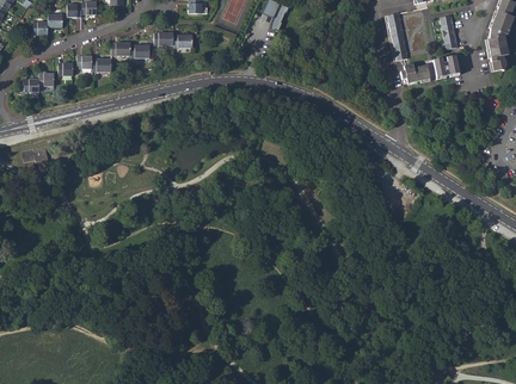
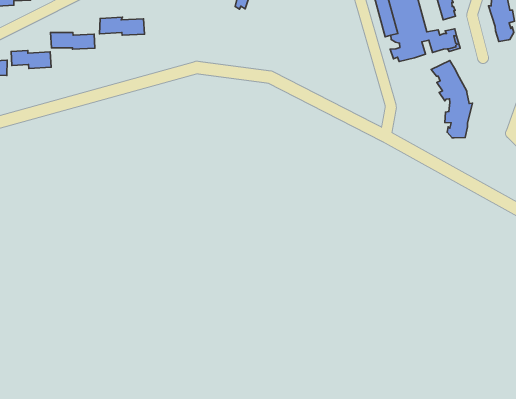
building: none -> [431,60,472,138]

